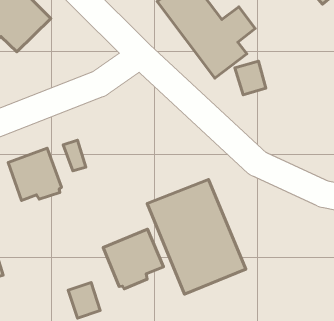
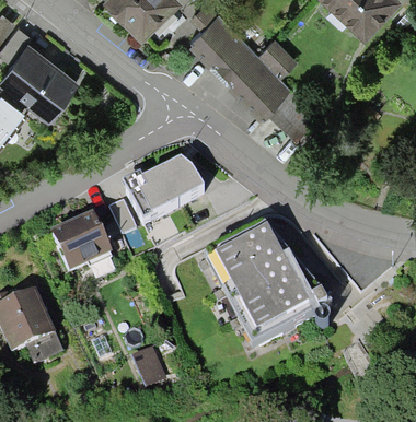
building: none -> [125,163,206,225]
building: [103,229,163,289] -> none

